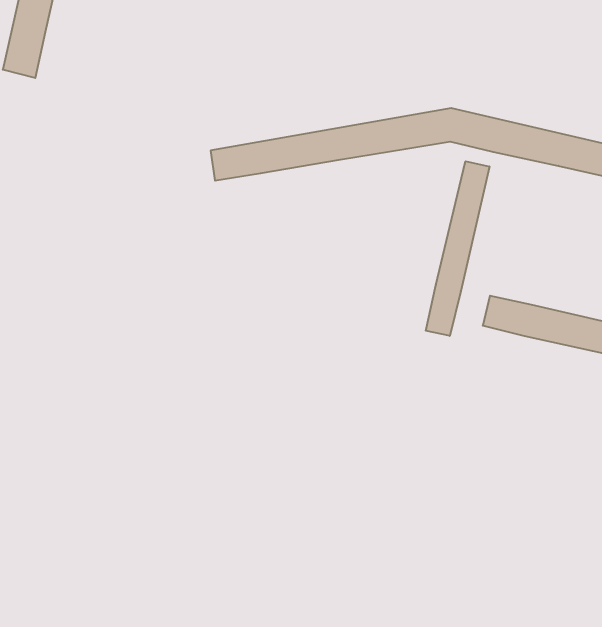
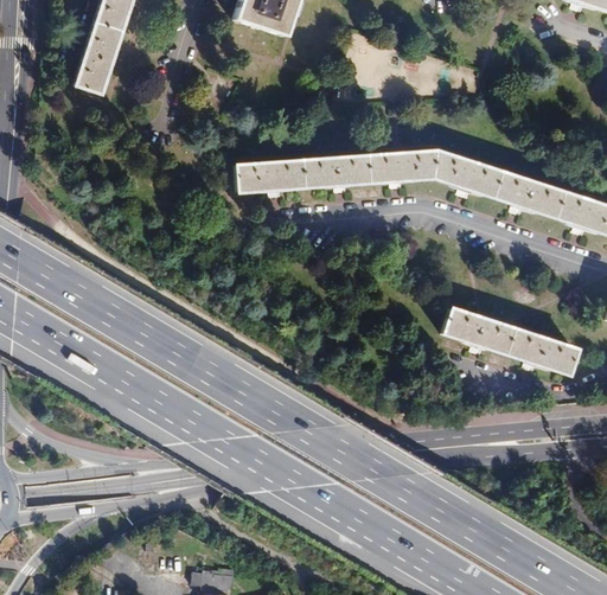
building: [426,161,489,336] -> none

